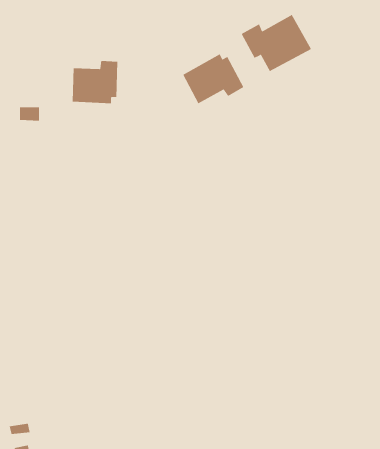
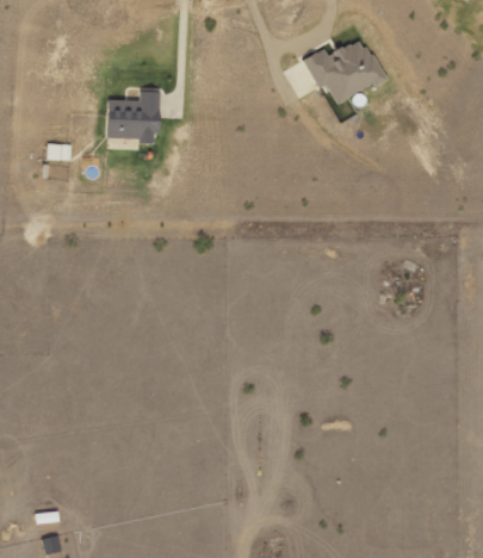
building: [182,53,244,104] -> none

